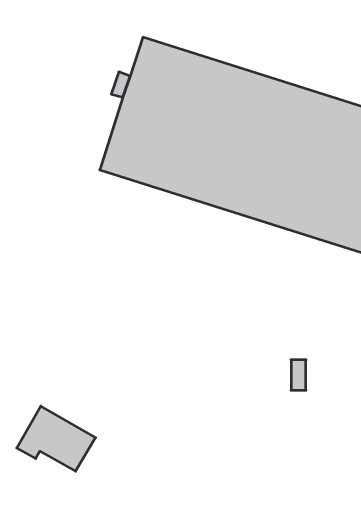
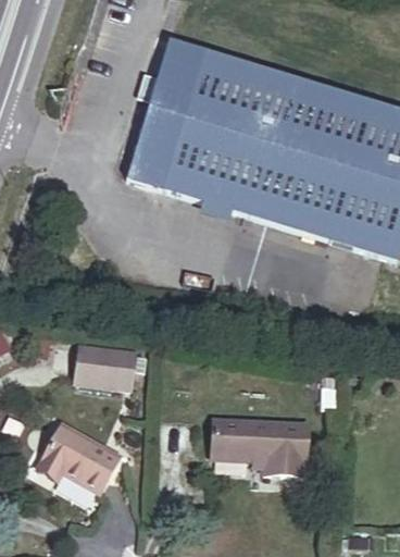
building: none -> [76,344,136,387]
building: none -> [214,417,309,473]

